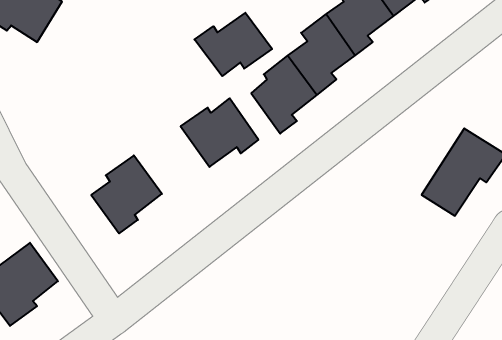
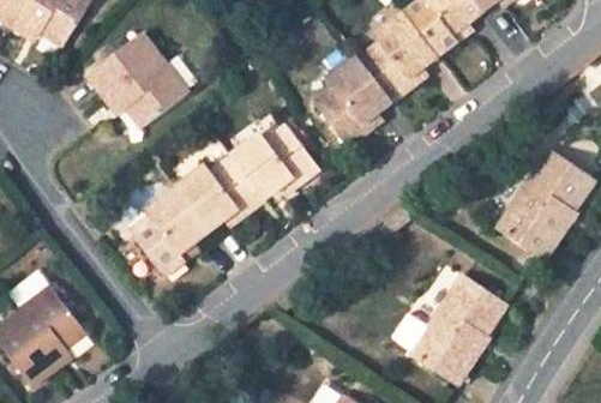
building: [194,13,272,76] -> none
building: none -> [86,32,182,125]
building: none -> [172,149,259,227]
building: none -> [416,281,516,380]

